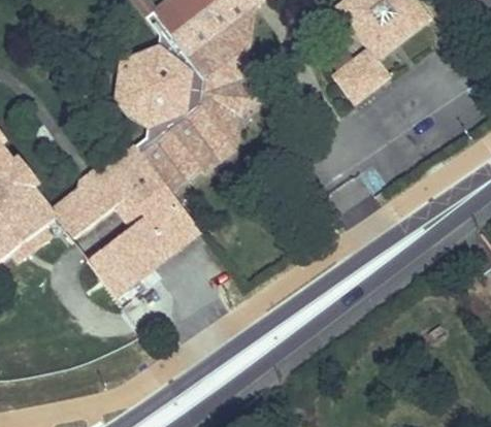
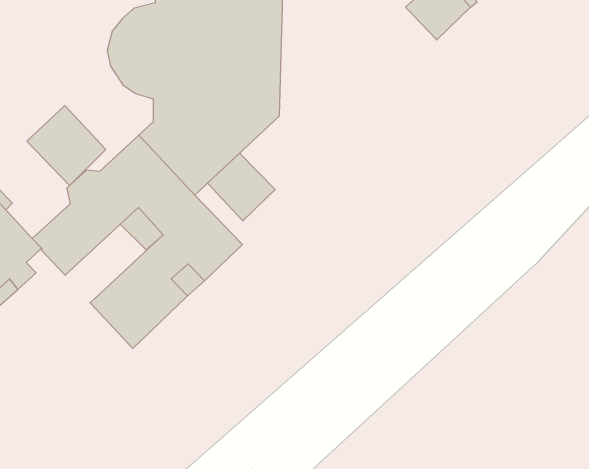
building: none -> [27,106,106,186]
building: none -> [207,153,275,221]

